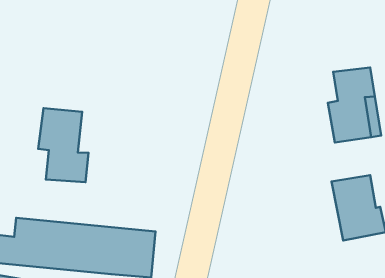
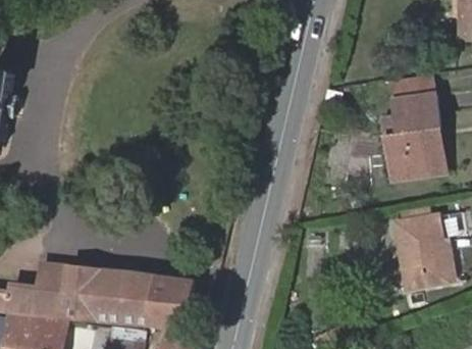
building: none -> [391,73,435,99]
building: [38,108,89,182] -> none

